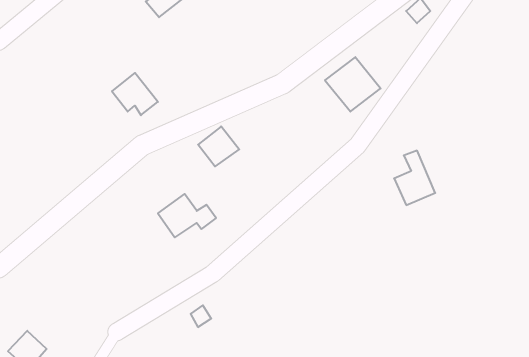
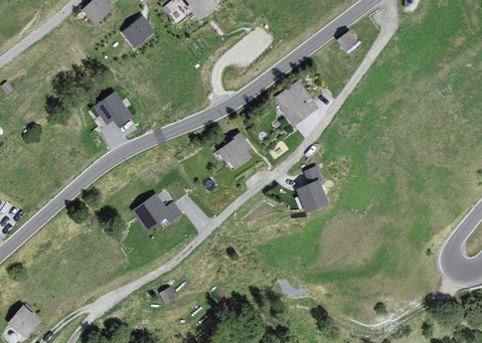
building: [198,126,239,166] -> [217,136,252,169]
building: [394,151,435,205] -> [296,167,330,212]

